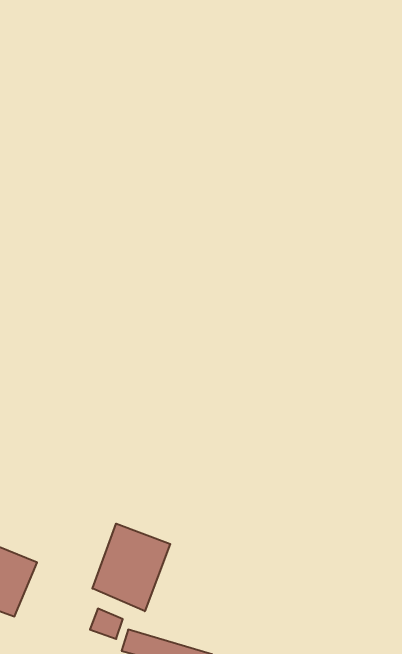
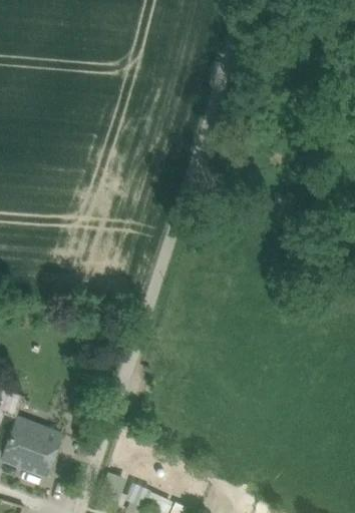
building: [92,524,170,611] -> none

